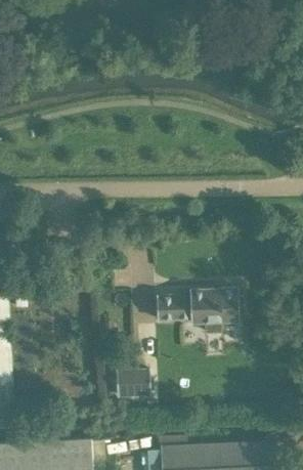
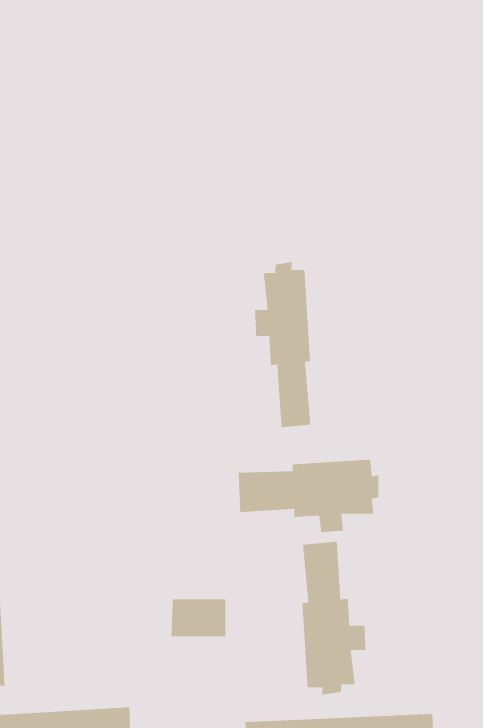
building: none -> [254,261,311,428]
building: none -> [302,541,366,695]

